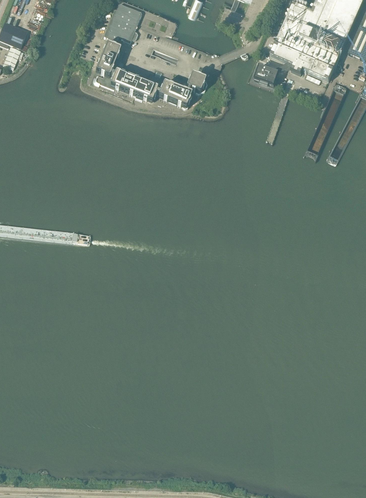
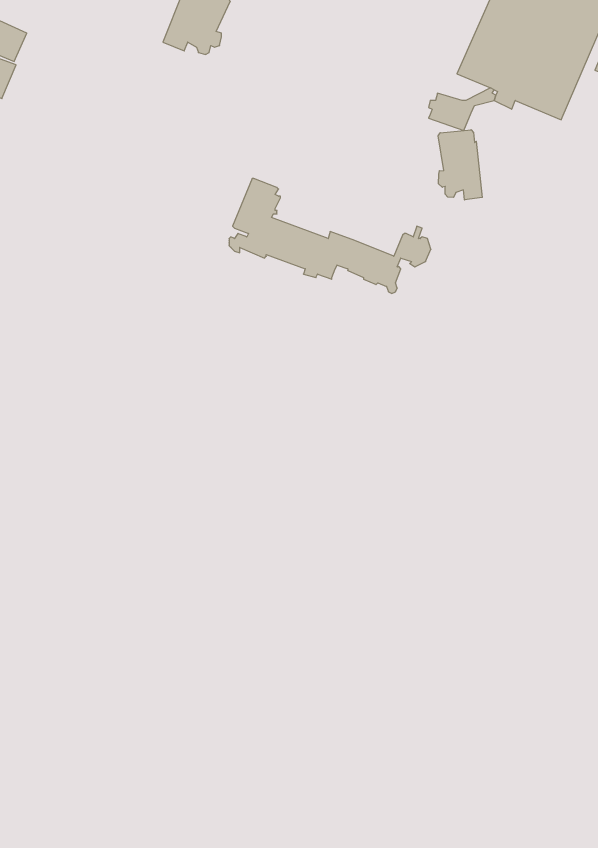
building: [93,43,207,108] -> [229,179,431,293]
building: none -> [438,130,482,200]

